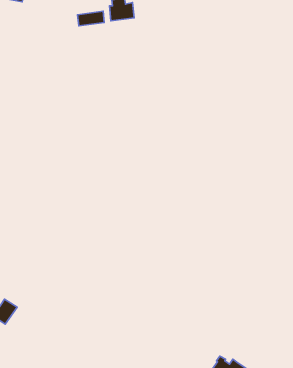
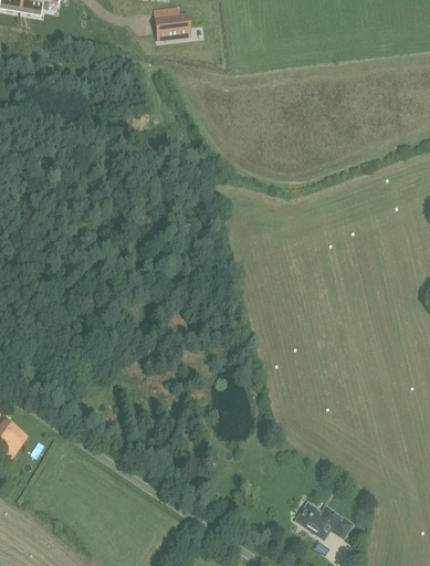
building: [77,11,104,26] -> none

